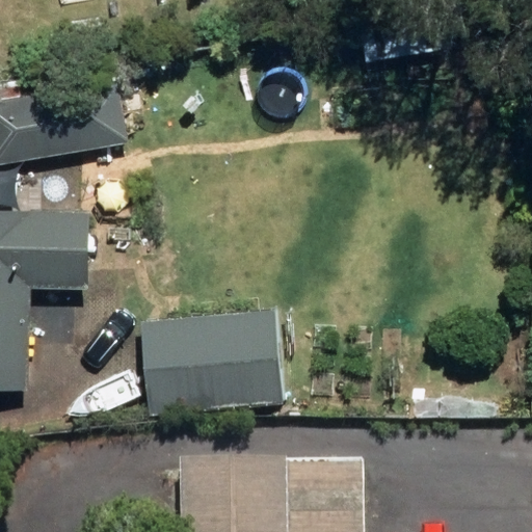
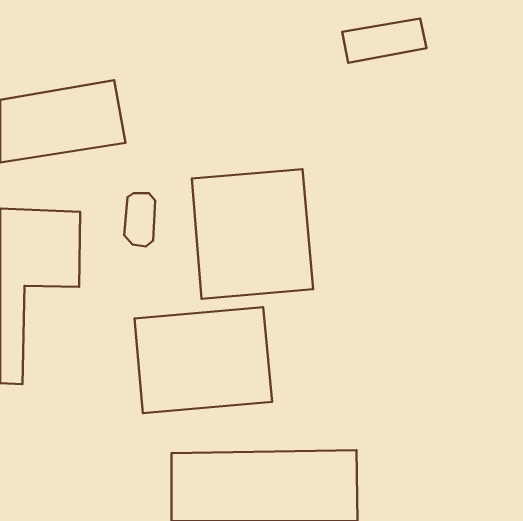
building: none -> [192,169,313,299]

